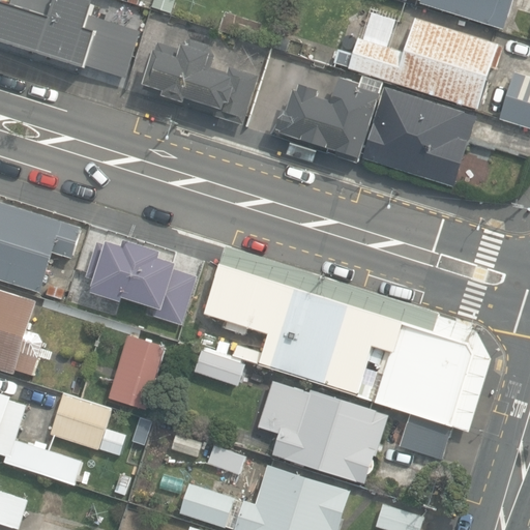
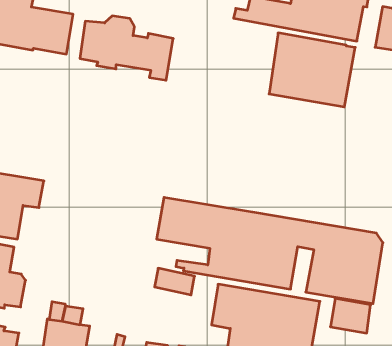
building: [276,78,380,160] -> none
building: [84,241,196,326] -> none
building: [109,336,165,409] -> none

